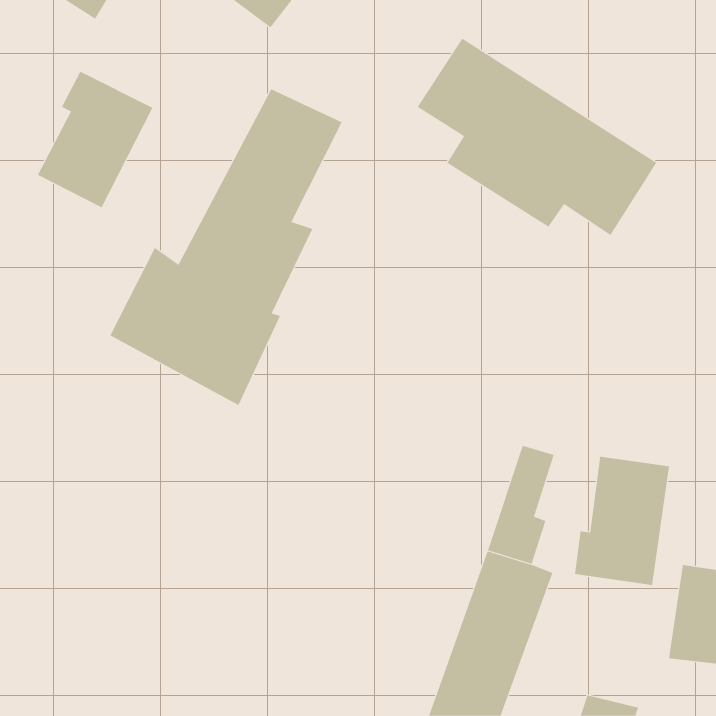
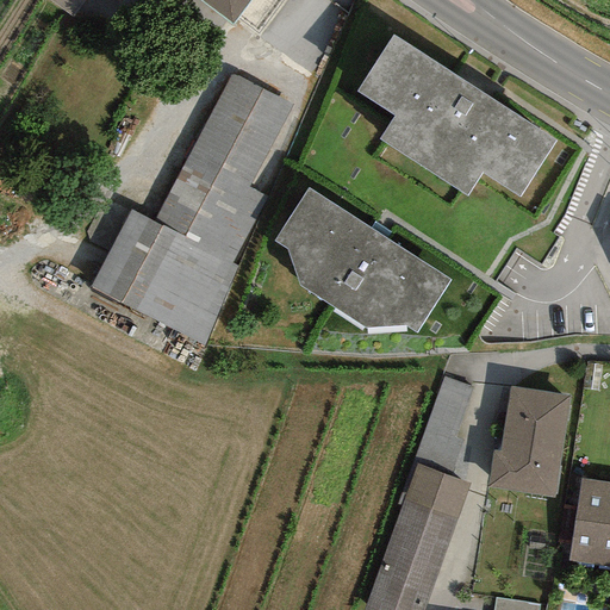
building: [37,71,153,208] -> none
building: none -> [274,189,449,332]

